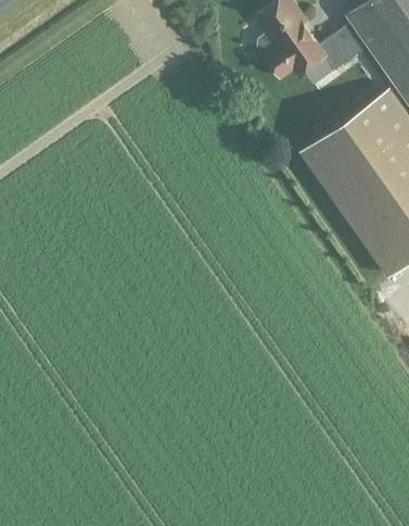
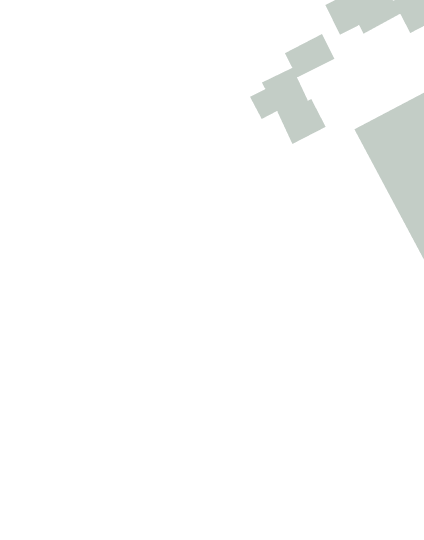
building: none -> [249,33,335,145]

